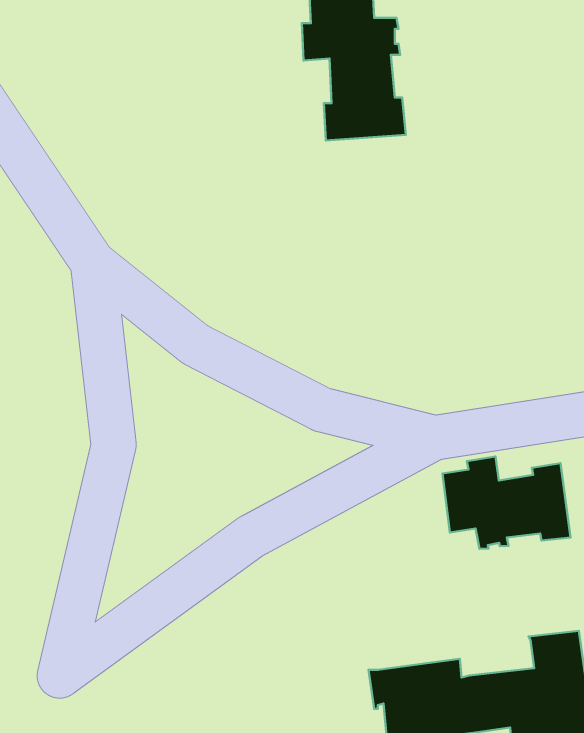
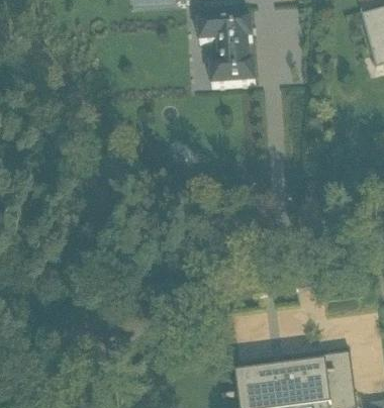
building: [443,456,571,549] -> none

